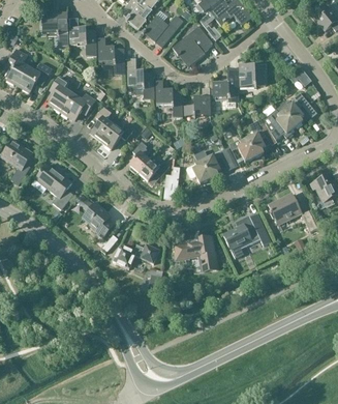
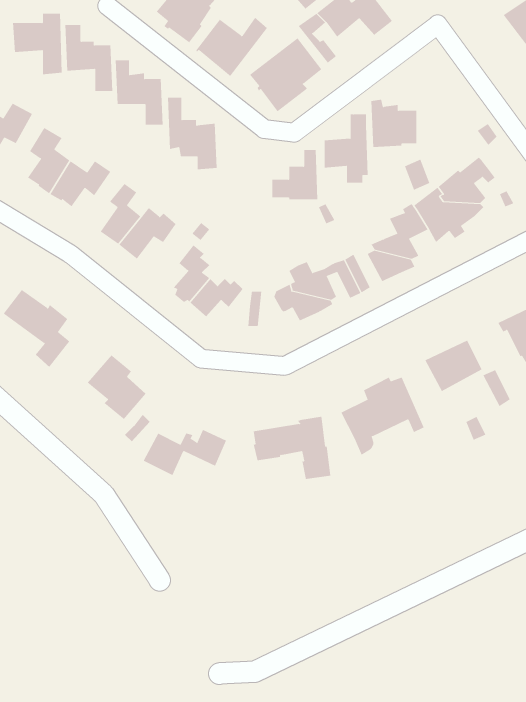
building: [155,81,182,117] -> none

